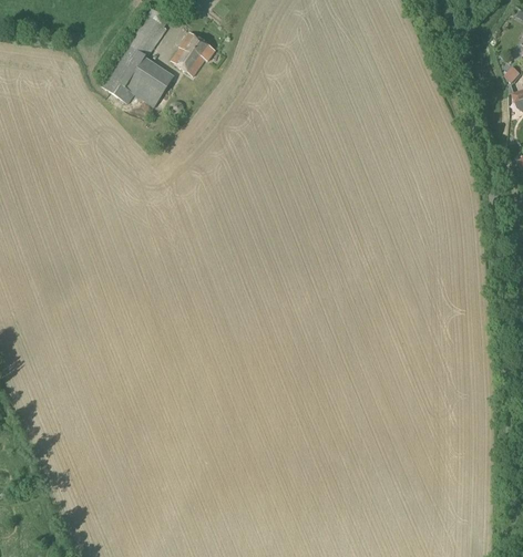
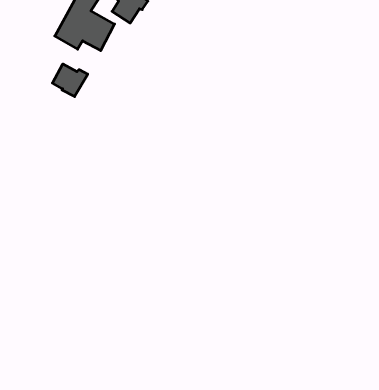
building: none -> [52,64,88,97]

